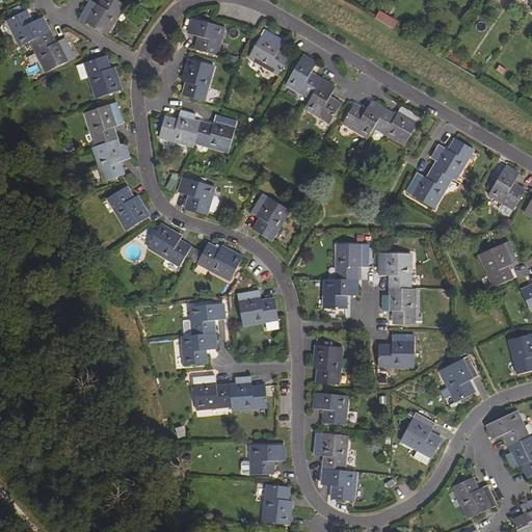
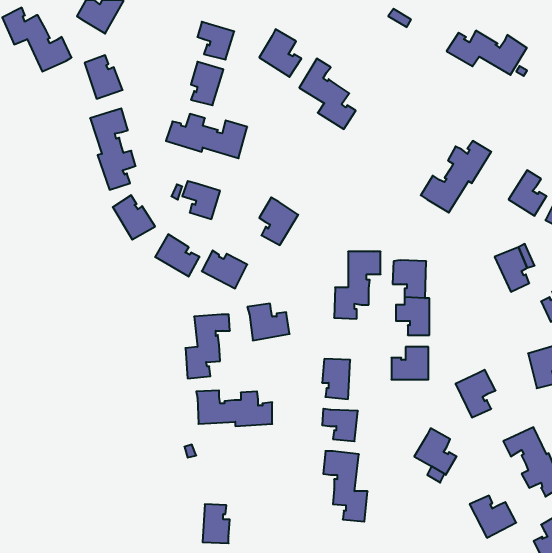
building: [345,102,422,144] -> [447,31,527,75]
building: [247,446,281,475] -> none
building: [261,486,287,524] -> [203,504,230,543]

